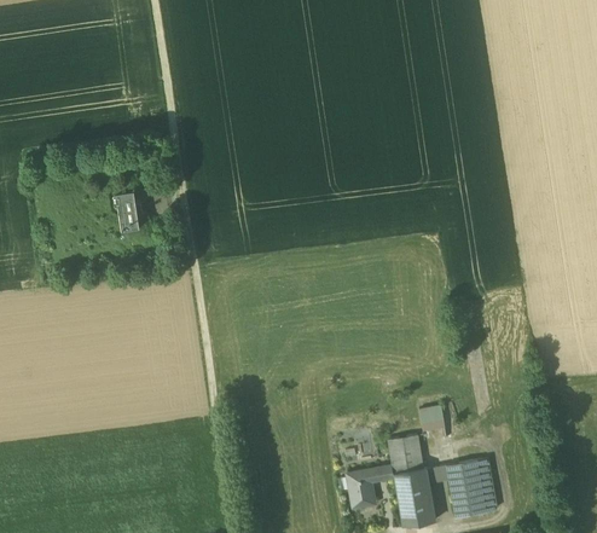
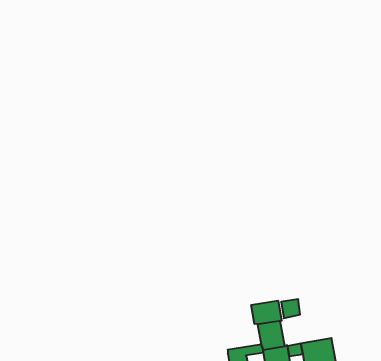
building: [120,192,146,233] -> none
building: none -> [251,301,282,324]

